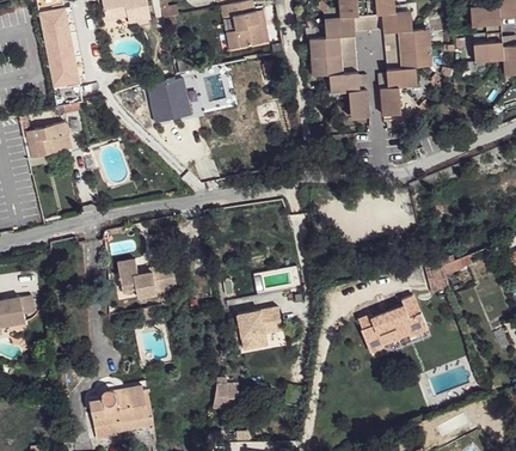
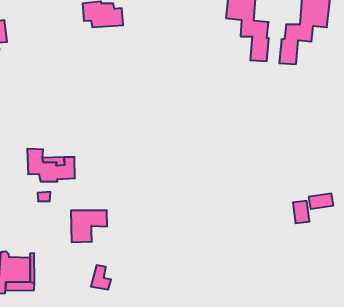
building: [357,294,426,351] -> none
building: [238,305,282,348] -> [71,210,107,242]

